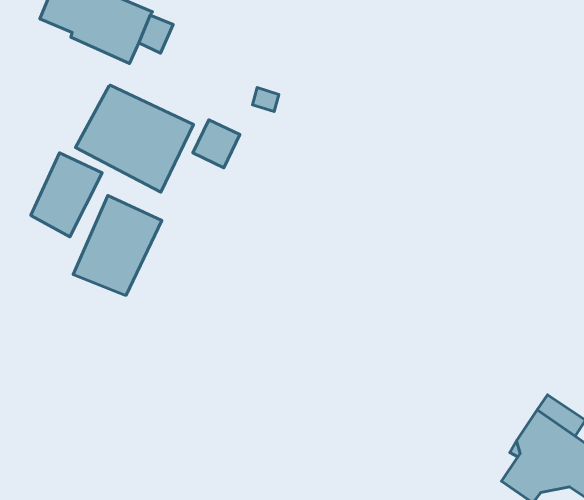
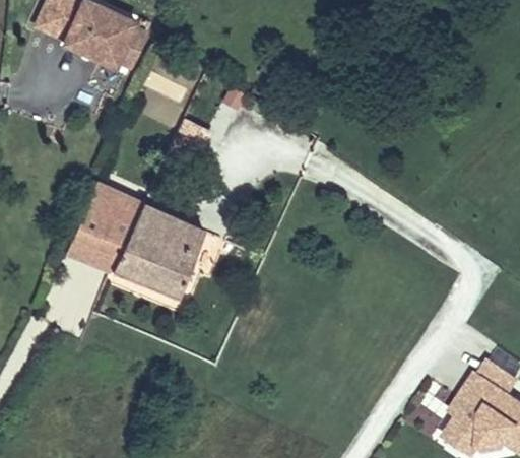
building: [75,85,193,192] -> none
building: [31,153,102,237] -> none
building: none -> [114,206,205,299]

